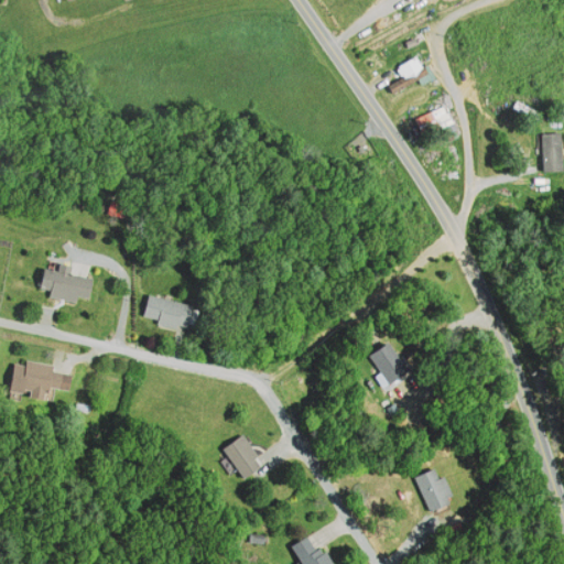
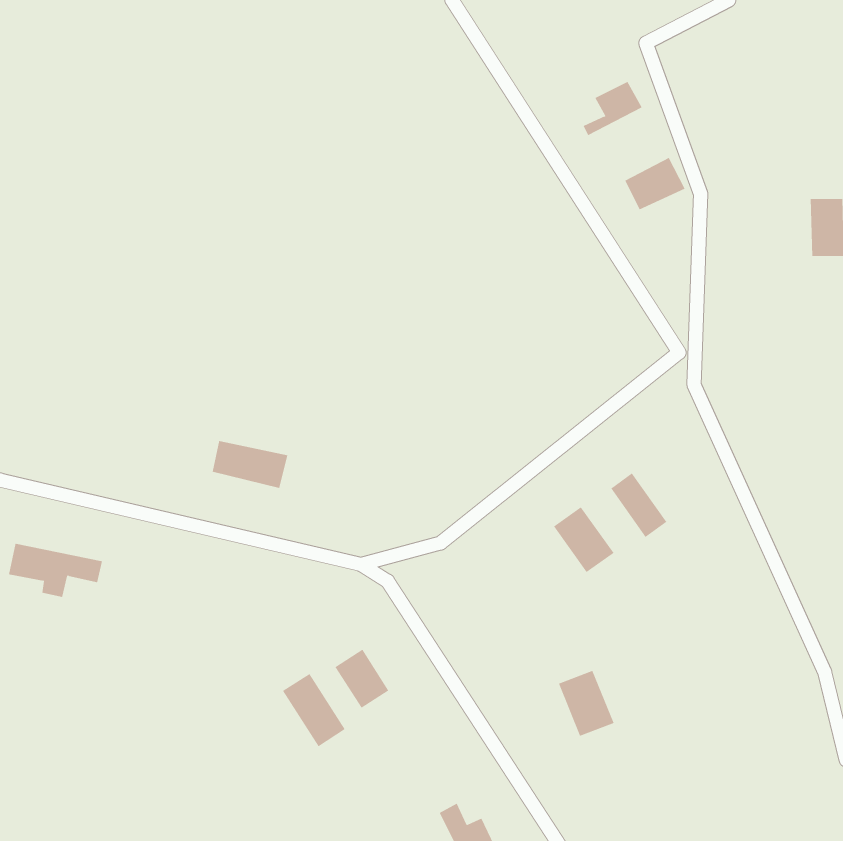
building: [37,269,93,304] -> none
building: none -> [610,473,667,538]
building: none -> [282,673,346,747]
building: [415,466,453,510] -> [558,670,614,737]

